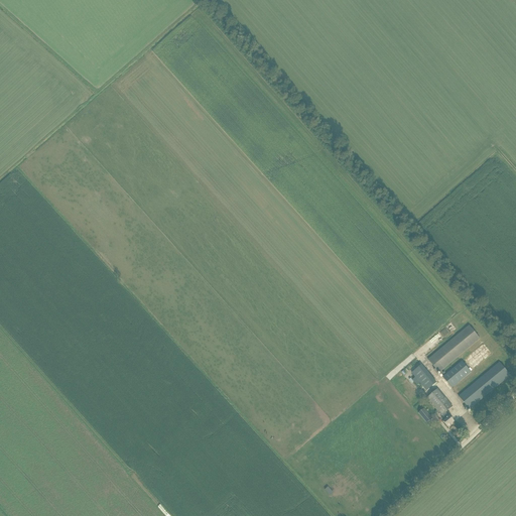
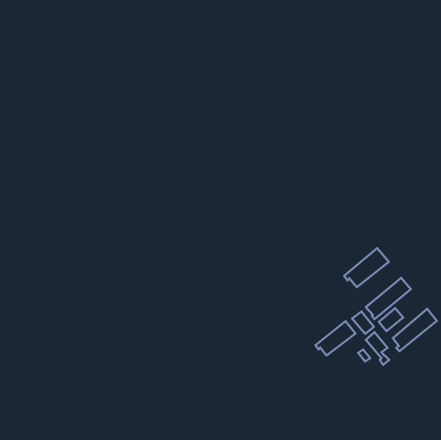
building: none -> [344,248,389,287]
building: none -> [316,321,356,355]

